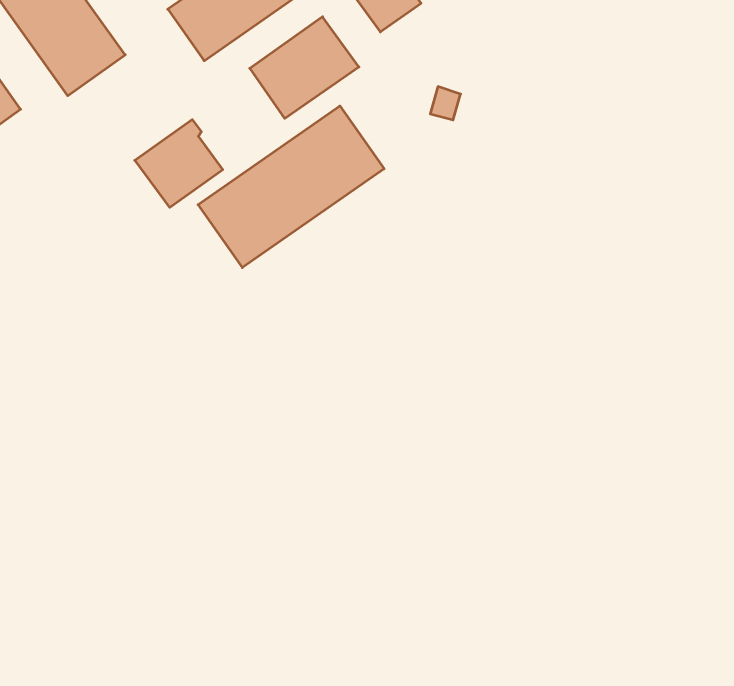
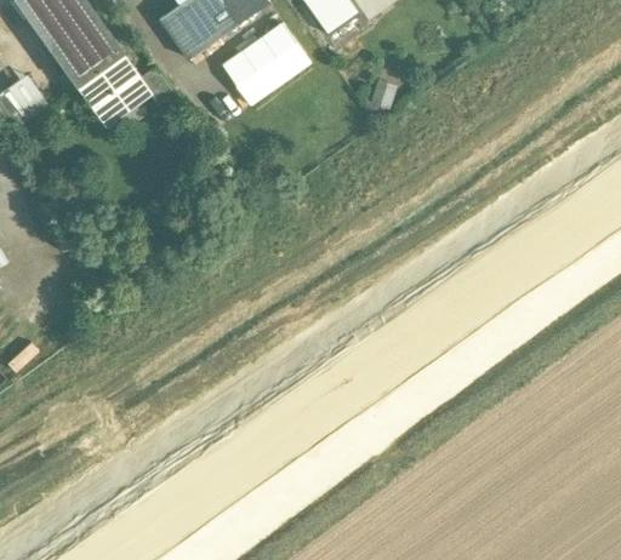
building: [198,106,384,268] -> none
building: [135,120,223,207] -> [78,53,148,124]

